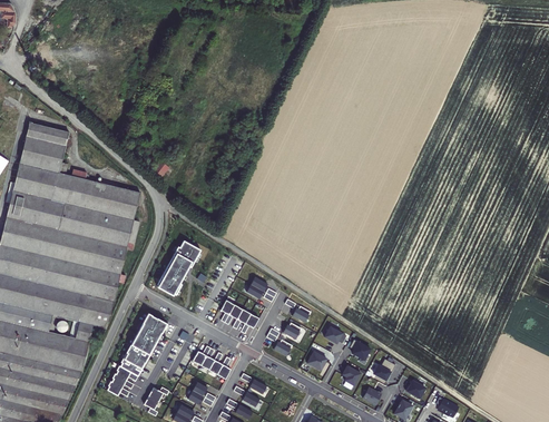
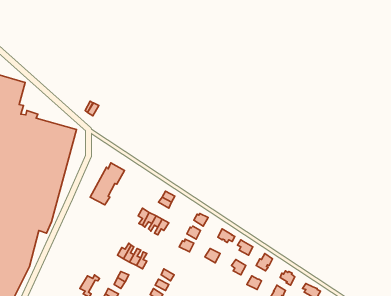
building: [108,312,167,394] -> none

